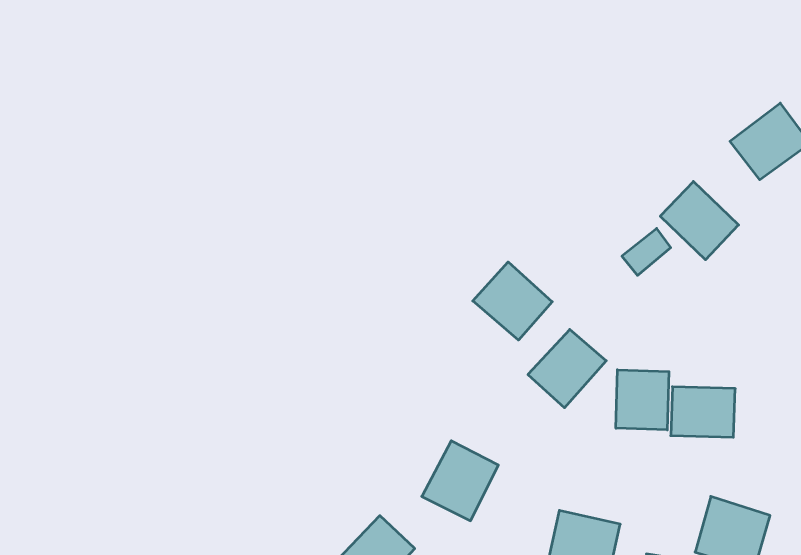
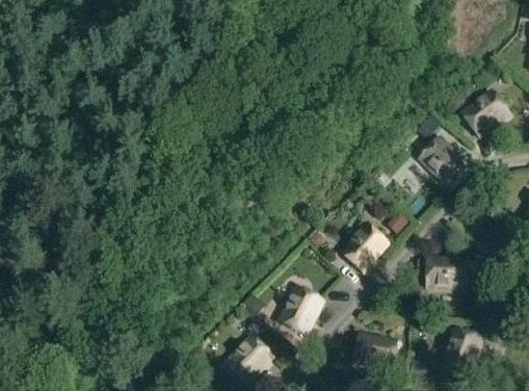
building: [473,262,552,340] -> none
building: [616,370,669,430] -> none

